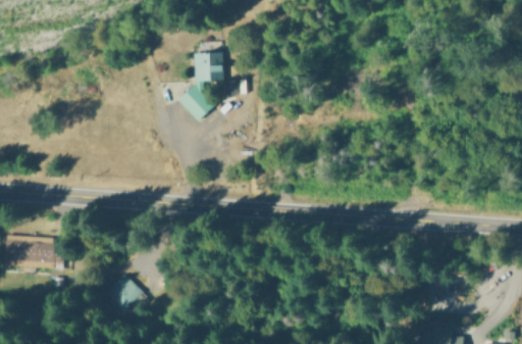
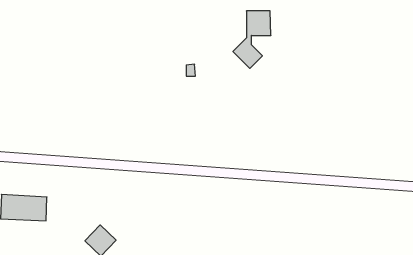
building: [179,52,225,121] -> [233,11,271,68]

